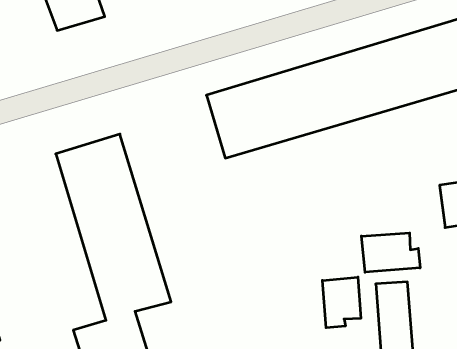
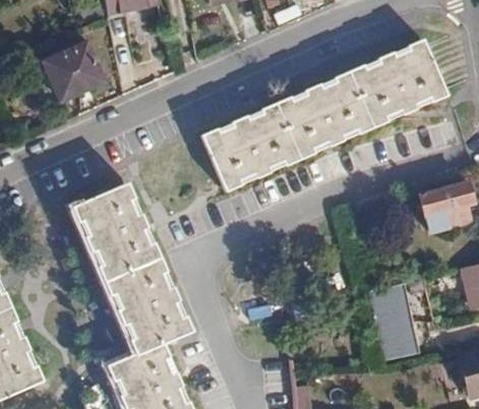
building: [361,233,420,272] -> none
building: [322,277,361,328] -> none

